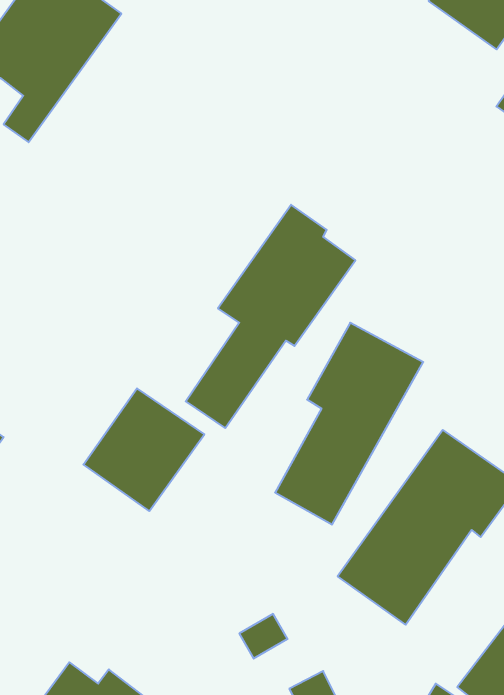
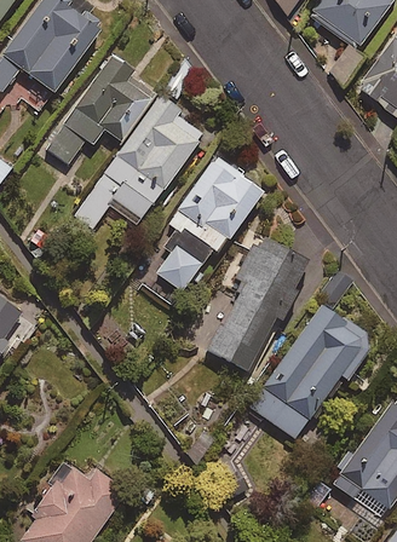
building: none -> [47,57,155,165]
building: none -> [74,96,203,229]
building: [83,388,204,511] -> none

